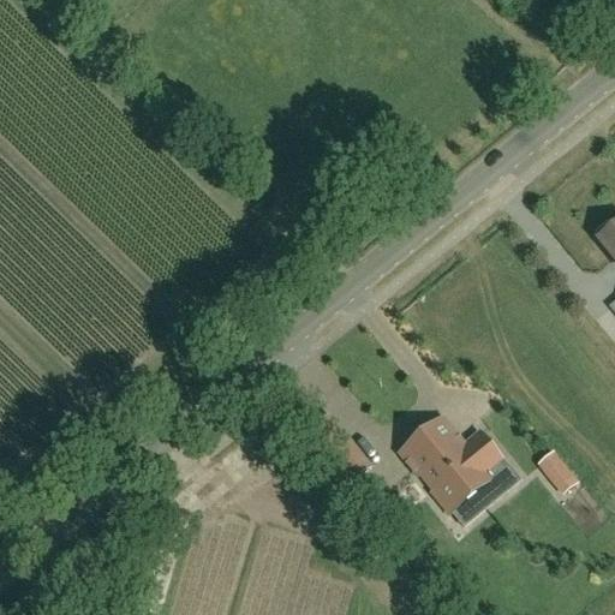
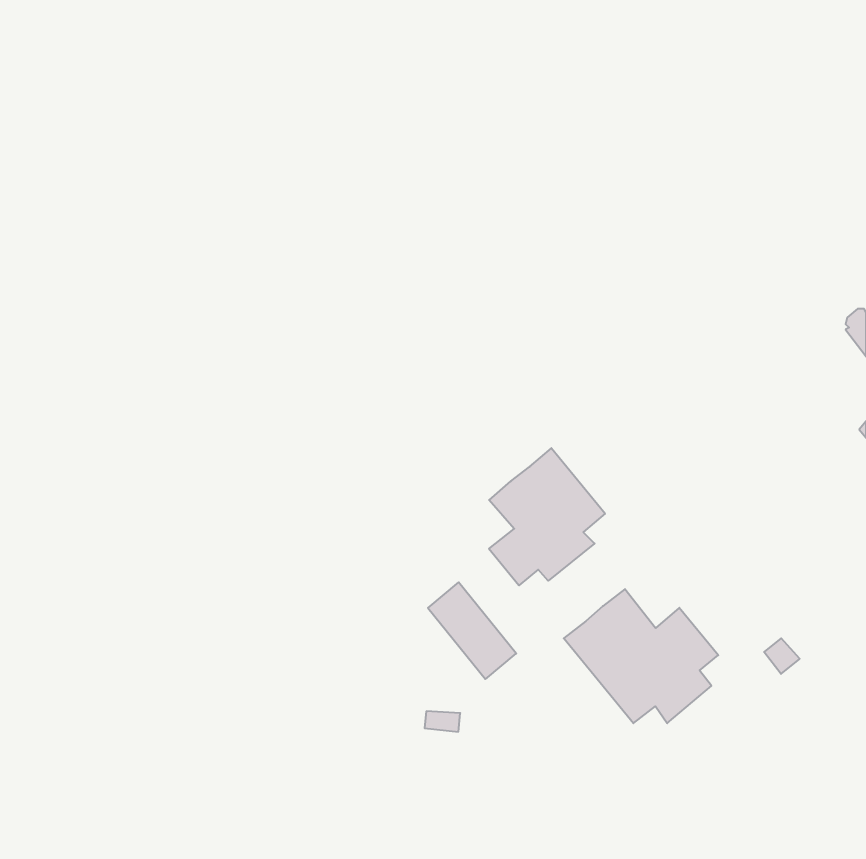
building: none -> [489,448,605,585]

